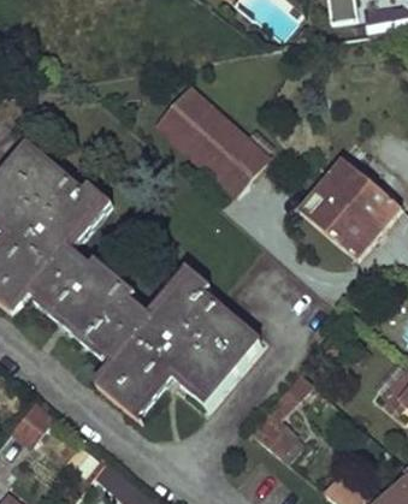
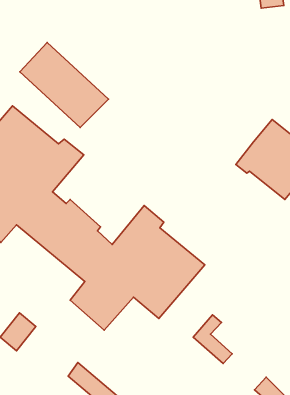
building: [159,88,268,192] -> [20,43,109,127]

